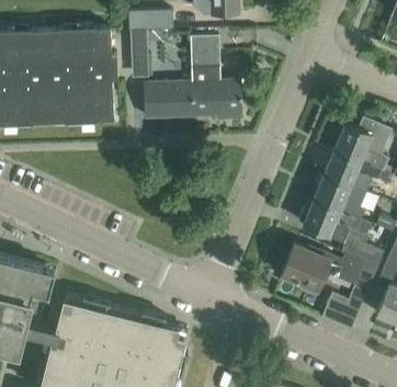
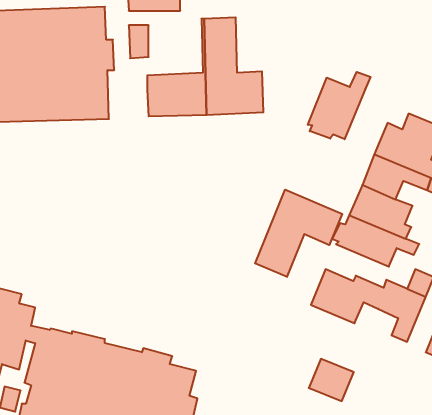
building: none -> [308,72,371,139]
building: none -> [255,190,342,277]
building: [321,296,359,331] -> [309,359,354,401]

